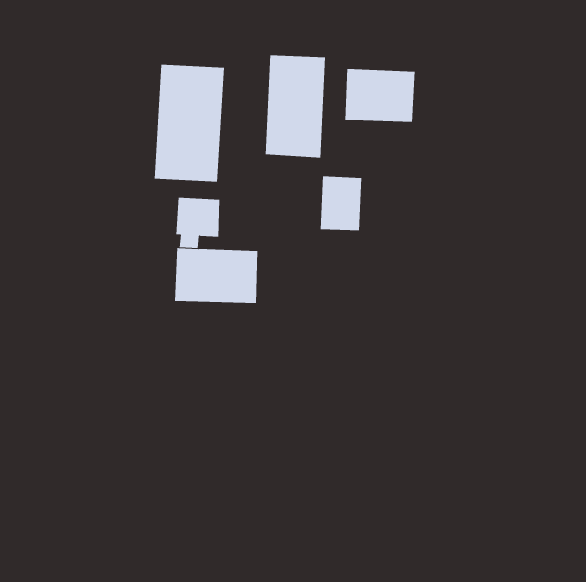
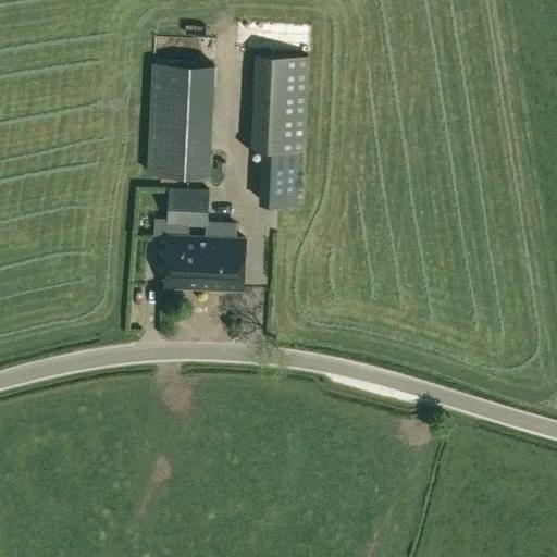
building: [345,68,415,123] -> none
building: [320,176,362,231] -> [259,153,299,206]

